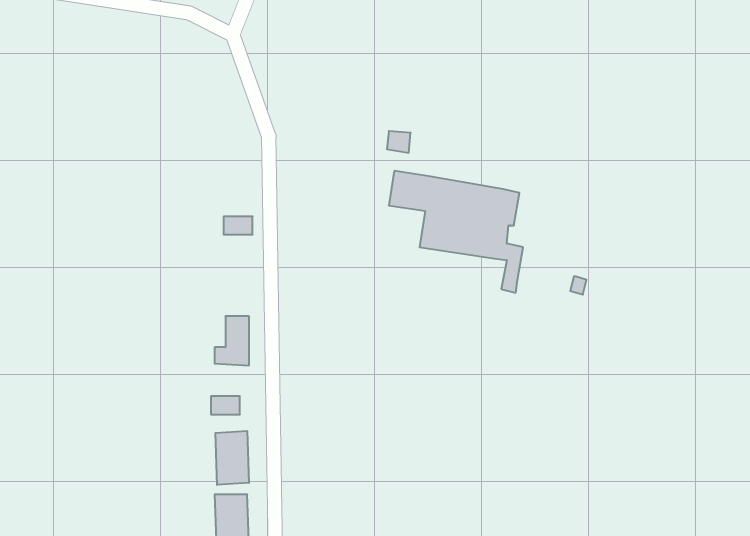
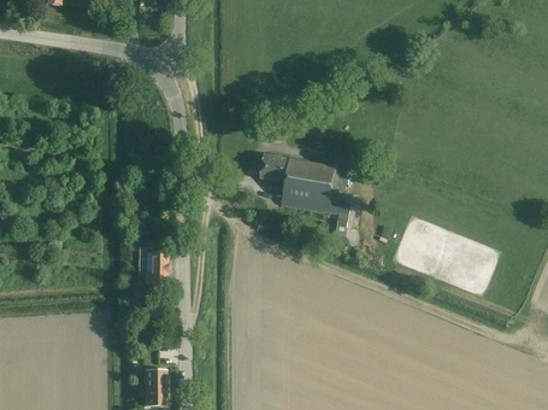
building: [215,431,249,485] -> none

